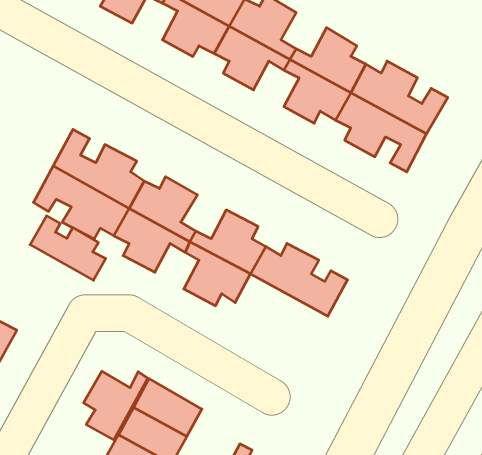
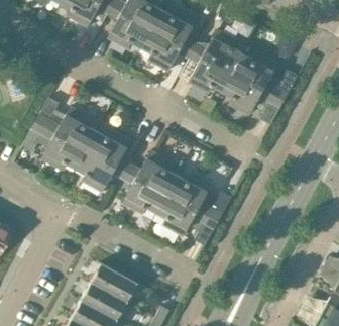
building: [30,216,106,280] -> none
building: none -> [157,194,219,246]
building: [84,371,148,440] -> none

